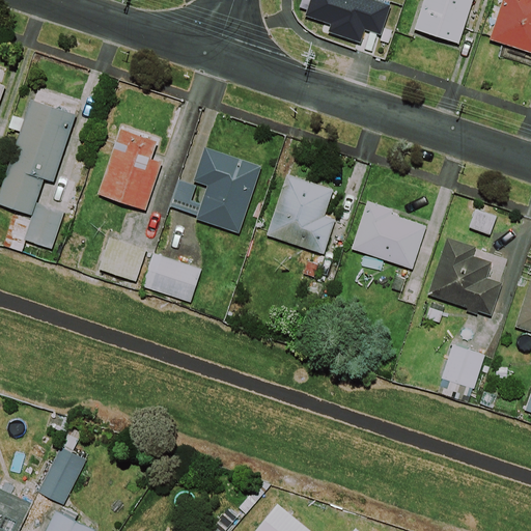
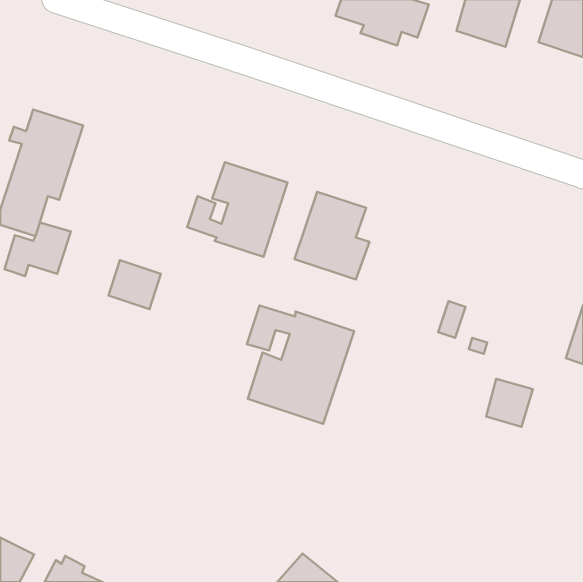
building: [96,130,162,211] -> none
building: [352,201,427,269] -> none
building: [427,237,502,316] -> none
building: [142,253,201,303] -> none
building: none -> [247,305,354,424]
building: [36,444,86,505] -> none

